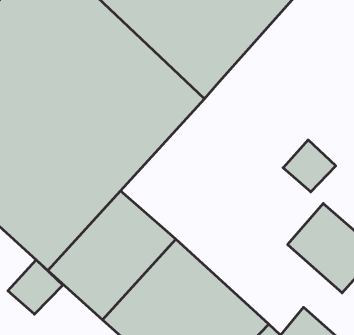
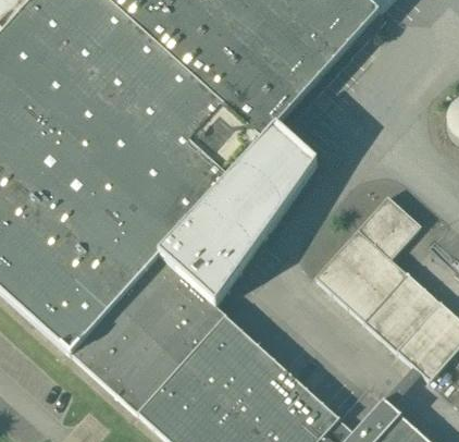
building: none -> [159,127,317,307]
building: none -> [312,229,406,322]
building: [8,260,63,314] -> none

